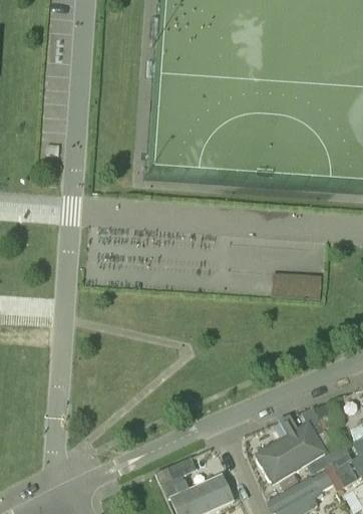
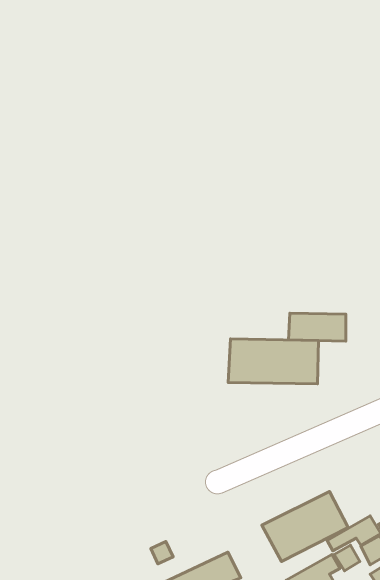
building: none -> [228,339,319,384]

